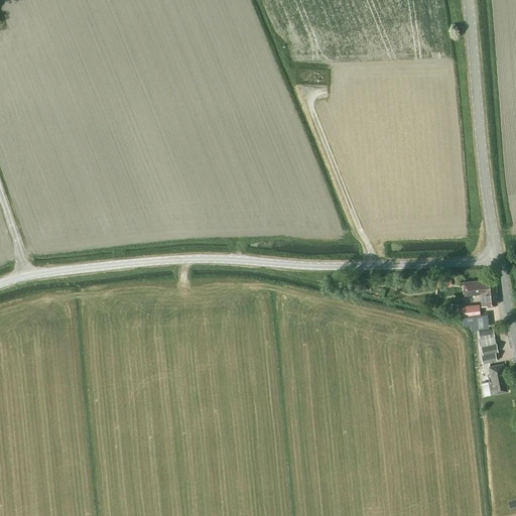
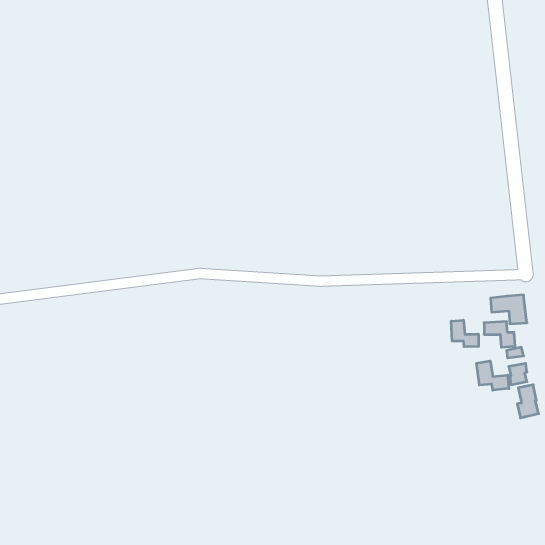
building: none -> [451,320,479,347]
building: none -> [477,361,509,390]

